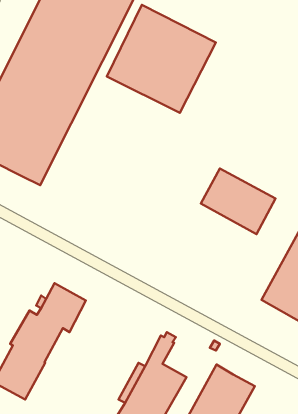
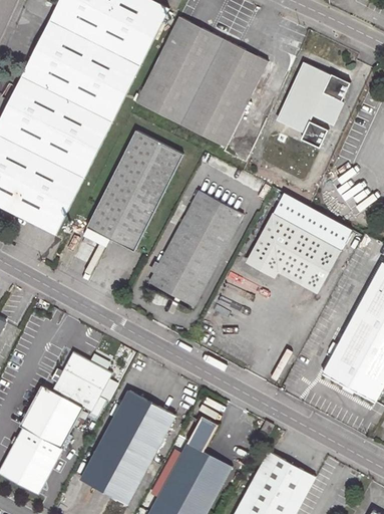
building: none -> [277,62,350,150]
building: none -> [86,131,181,251]
building: none -> [148,191,243,306]
building: none -> [272,193,351,250]
building: none -> [80,391,174,504]

